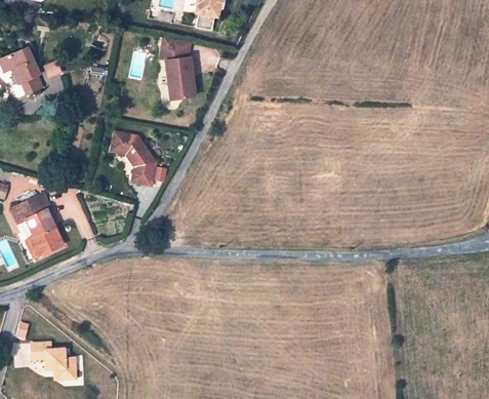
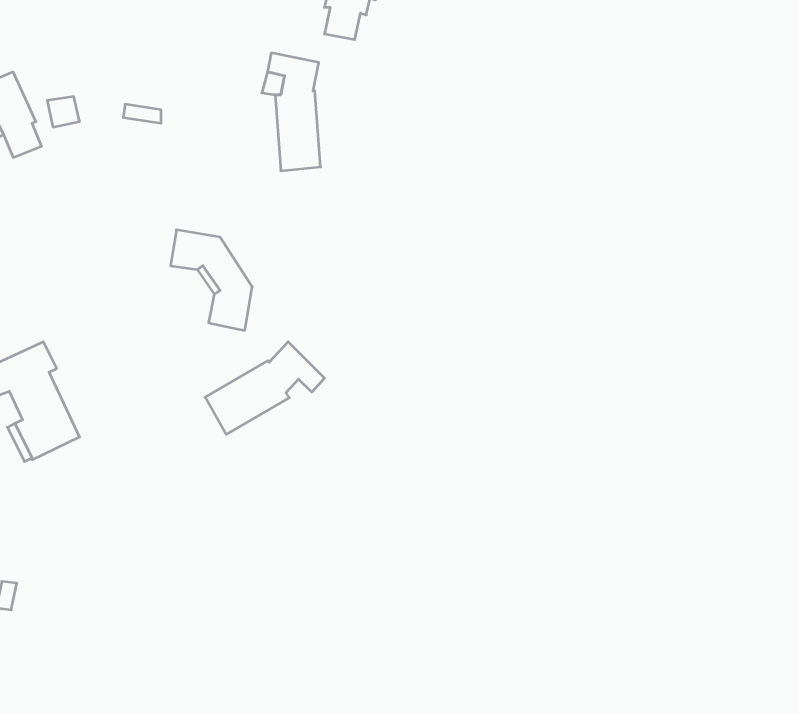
building: none -> [205,342,324,434]
building: [30,342,74,378] -> none

